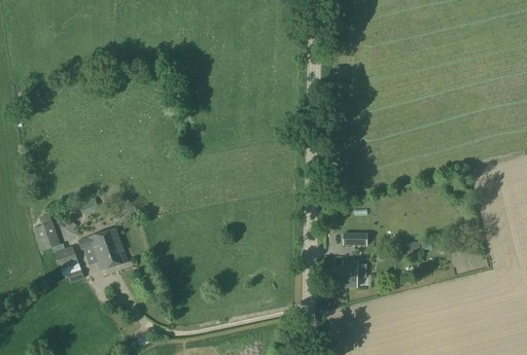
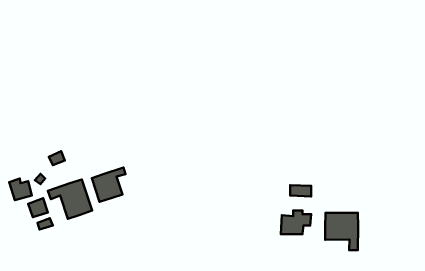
building: none -> [92,168,126,202]
building: none -> [325,213,358,250]

